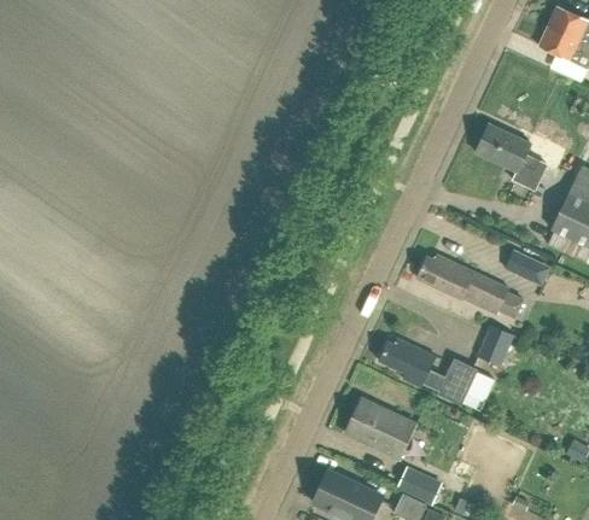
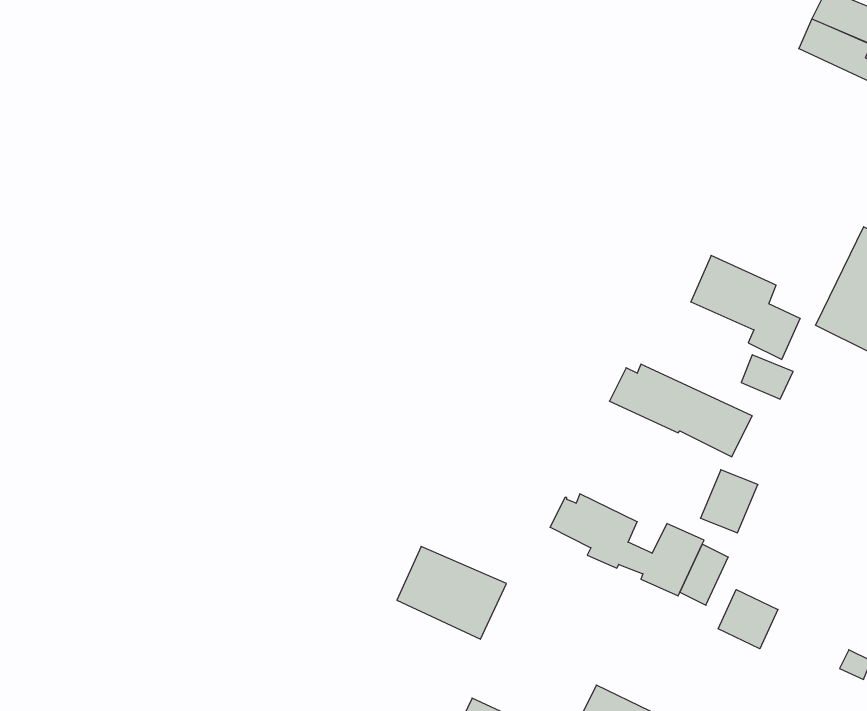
building: [476,123,547,191] -> [691,255,800,359]
building: [346,399,418,460] -> [397,546,506,639]
building: none -> [718,590,778,649]

